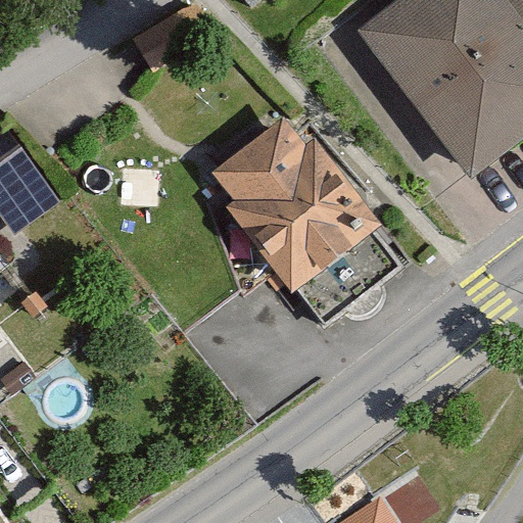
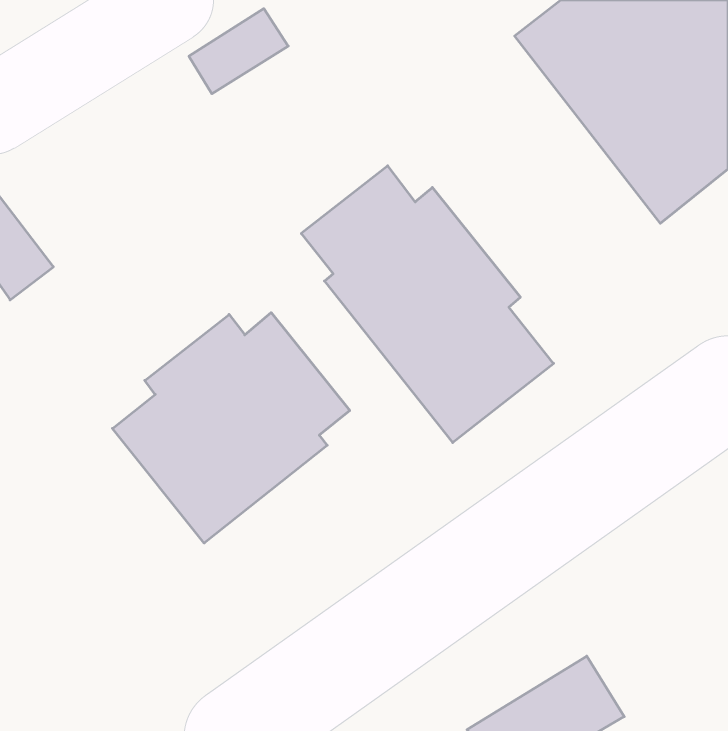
building: none -> [112,313,350,543]

